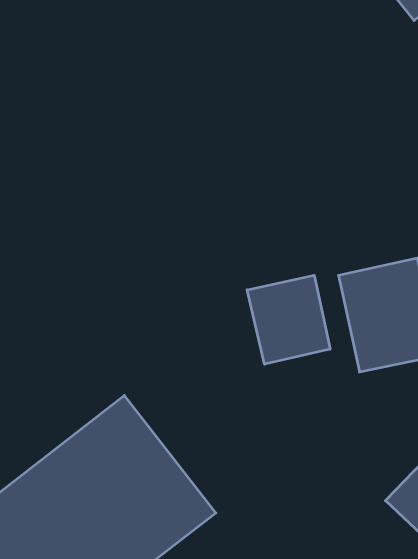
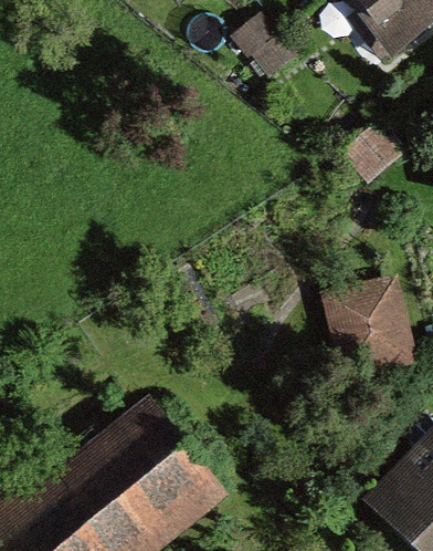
building: [247,275,330,364] -> none

